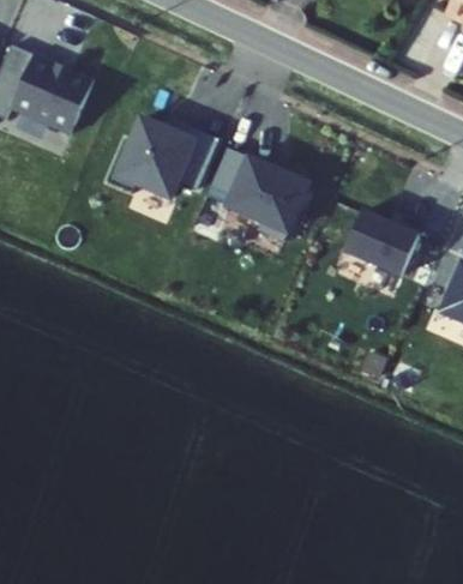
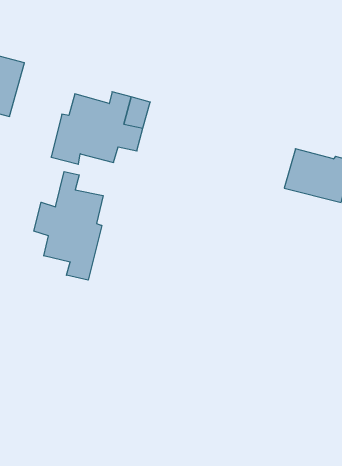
building: [218,147,317,240] -> none
building: none -> [34,172,103,280]

